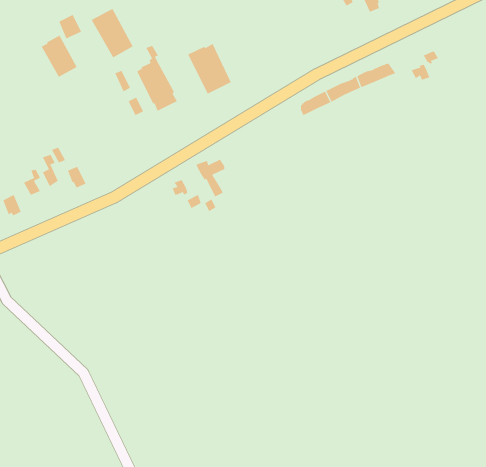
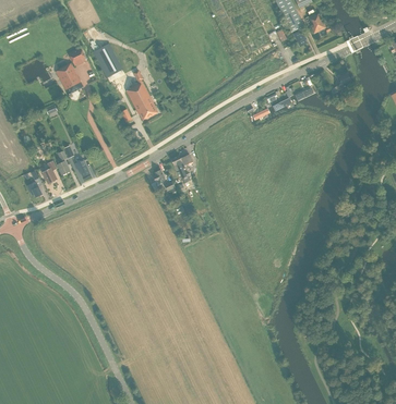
building: [188,43,231,95] -> none

